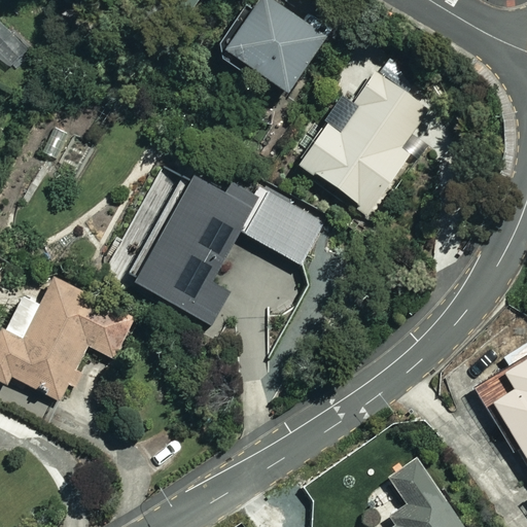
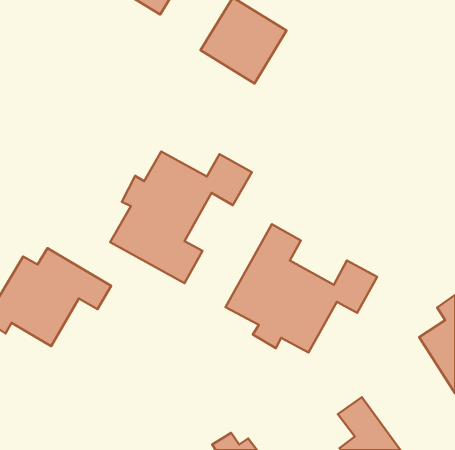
building: [296,71,426,210] -> none
building: none -> [226,224,377,352]

